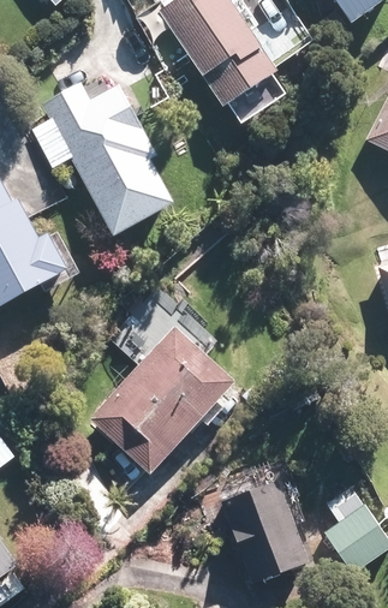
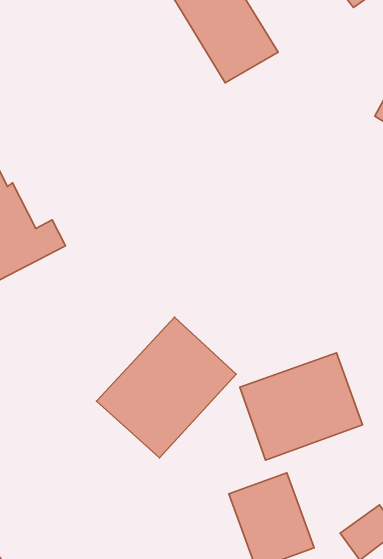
building: [44,85,160,232] -> none
building: none -> [240,353,362,460]

